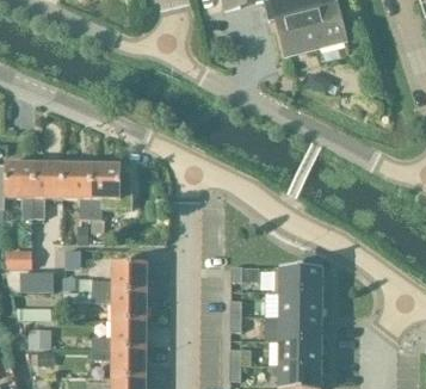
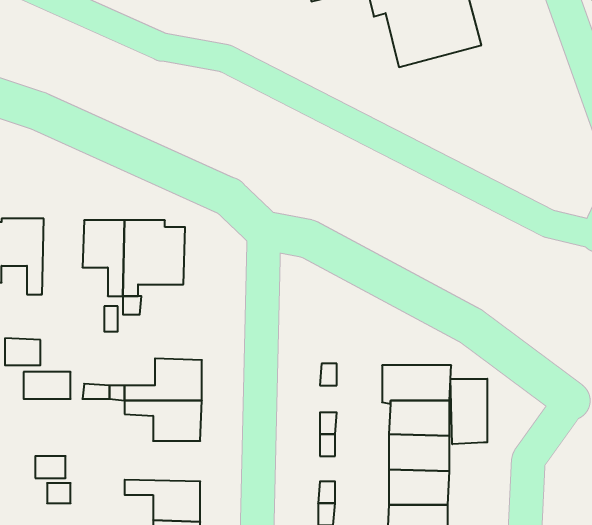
building: [33,162,63,216] -> none
building: none -> [451,379,487,444]
building: [92,320,146,348] -> none

